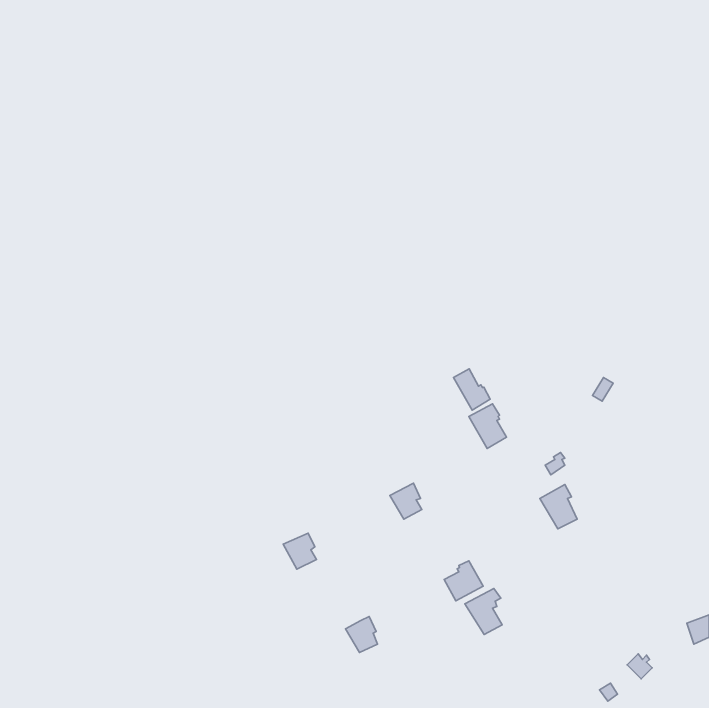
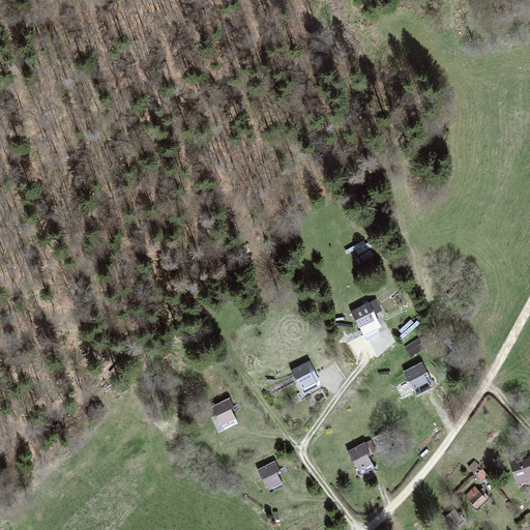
building: [454,369,490,410] -> none
building: [444,561,483,601] -> none

